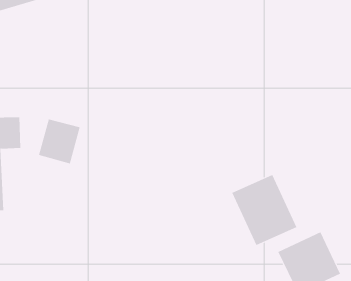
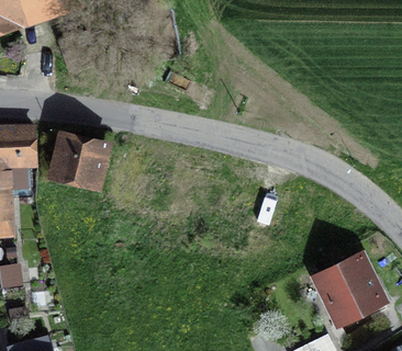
building: [231,174,297,246] -> none

